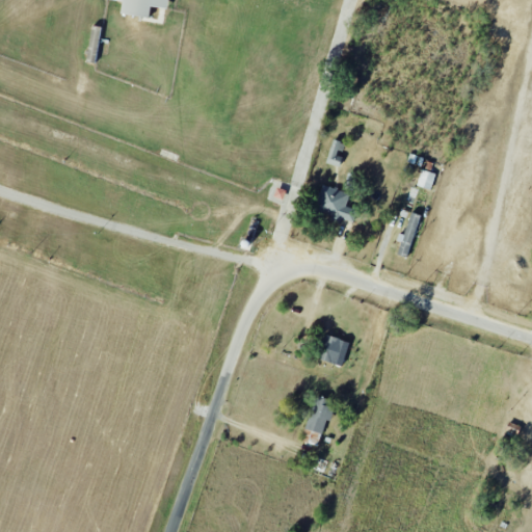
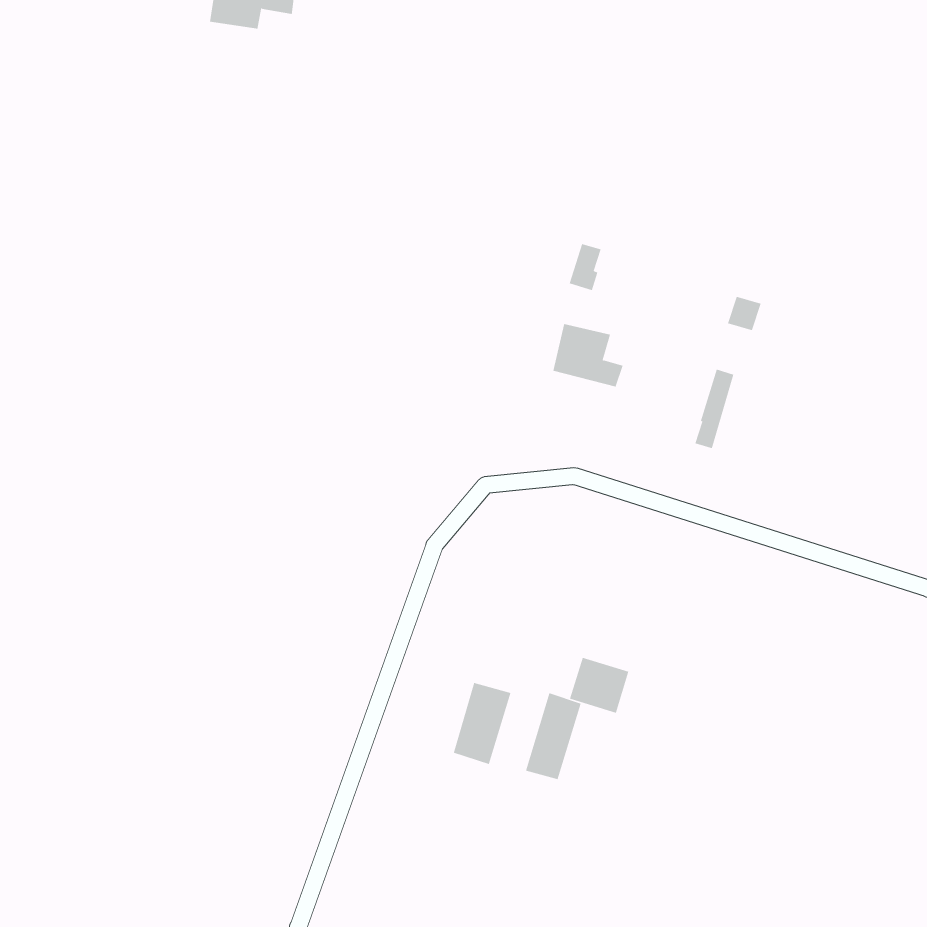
building: [315,334,349,366] -> [569,657,629,713]
building: none -> [453,682,511,765]

